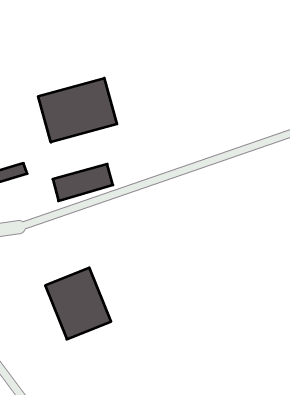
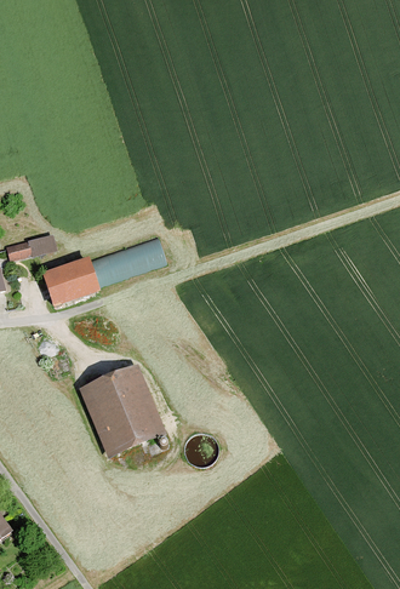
building: [38,78,117,142] -> none
building: none -> [41,258,99,308]

